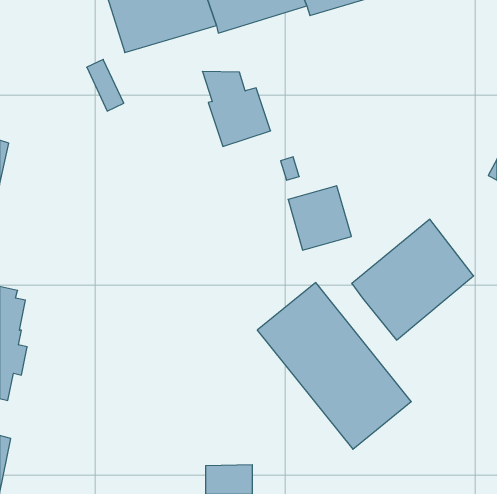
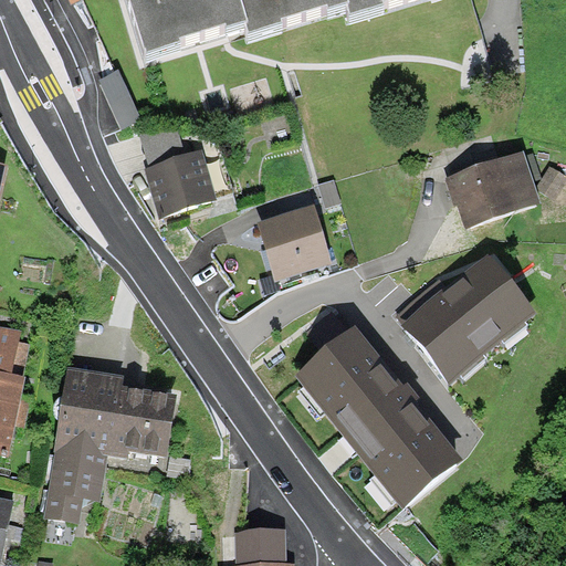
building: [202,71,271,146] -> [137,130,214,216]
building: none -> [446,150,539,223]
building: [288,186,351,250] -> [258,205,329,277]
building: none -> [42,365,177,521]

